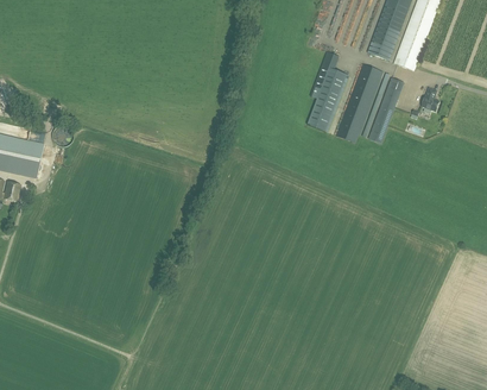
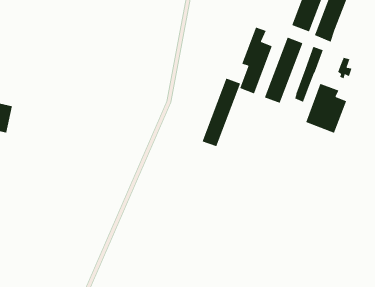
building: none -> [202,78,241,147]
building: none -> [305,83,347,134]

